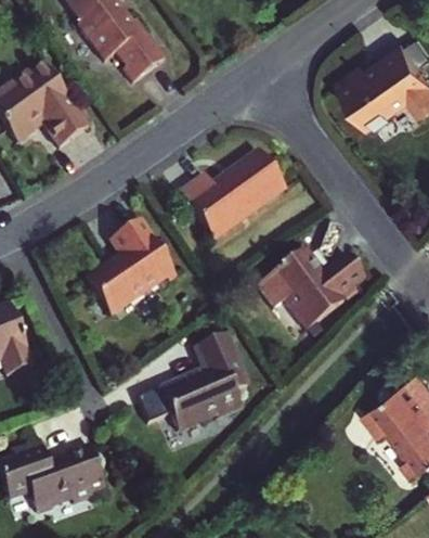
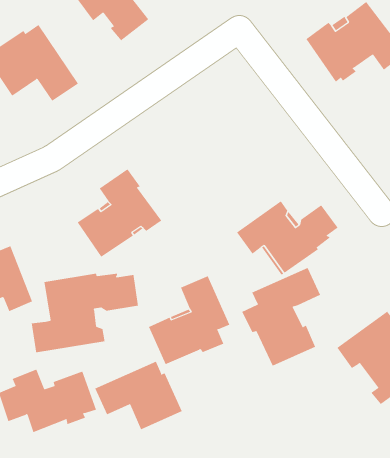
building: [179,151,283,239] -> none
building: none -> [241,267,321,367]
building: none -> [31,273,138,353]
building: none -> [94,361,183,430]

